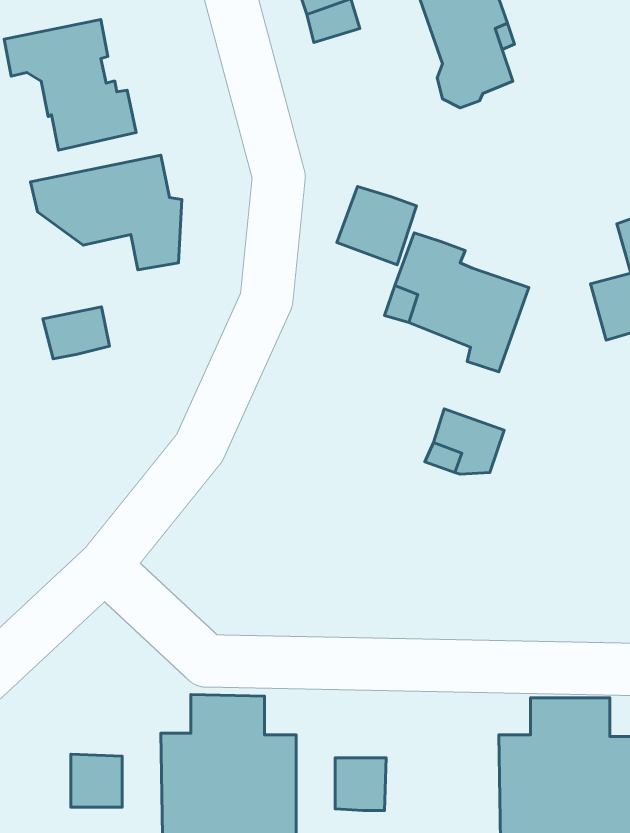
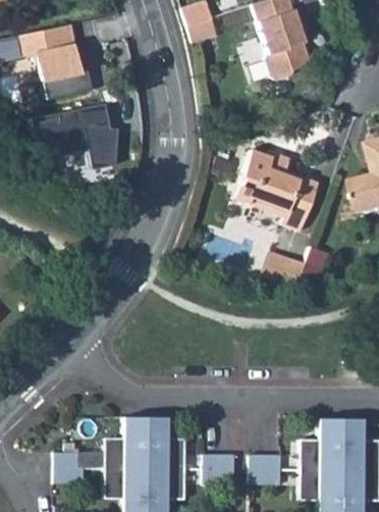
building: [337,187,416,265] -> none
building: [43,307,109,359] -> none
building: none -> [251,453,281,483]

